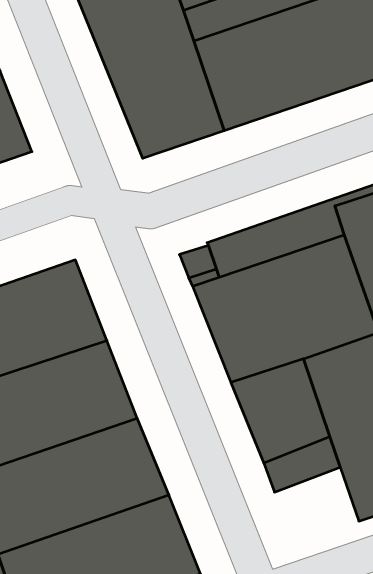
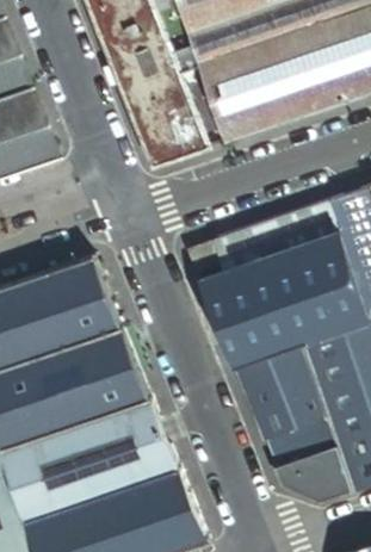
building: none -> [277,442,353,501]

